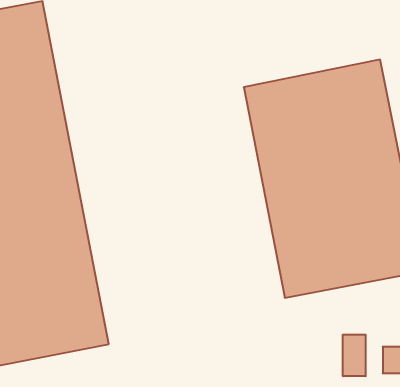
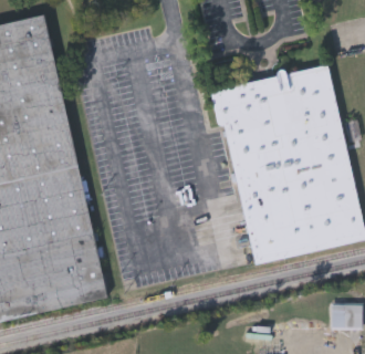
building: [343,335,366,376] -> none

